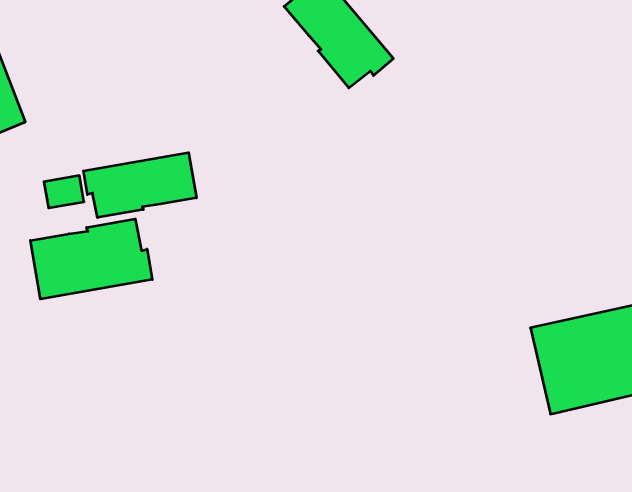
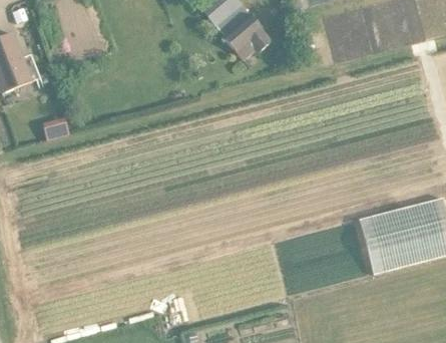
building: [83,153,196,218] -> none
building: [30,219,152,299] -> none

